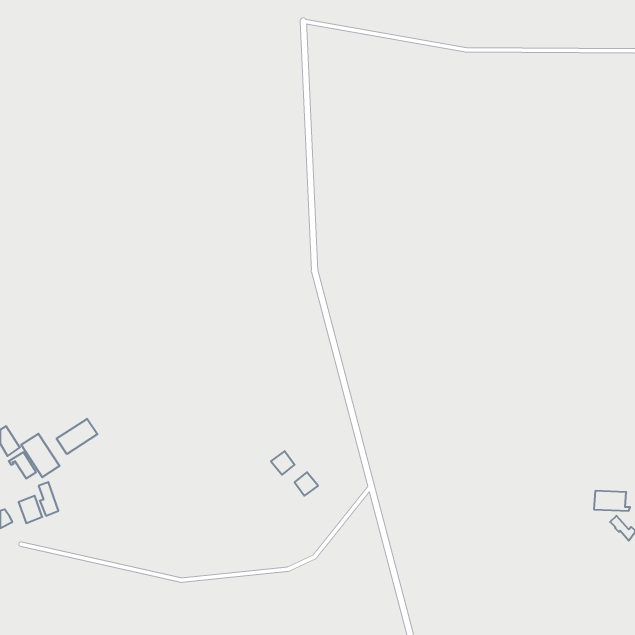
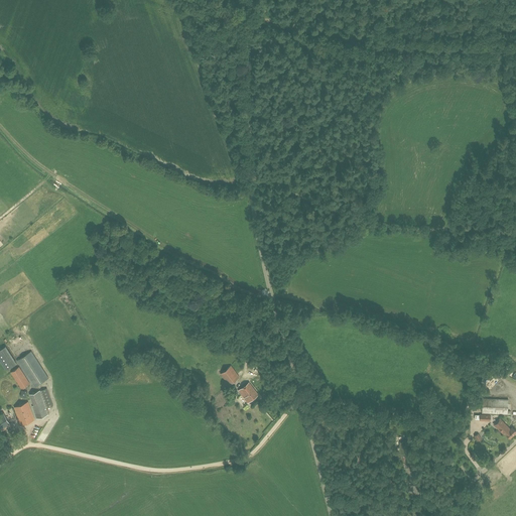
building: [57,419,97,454] -> none

